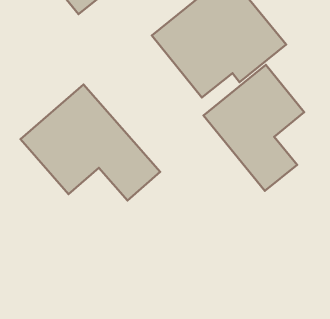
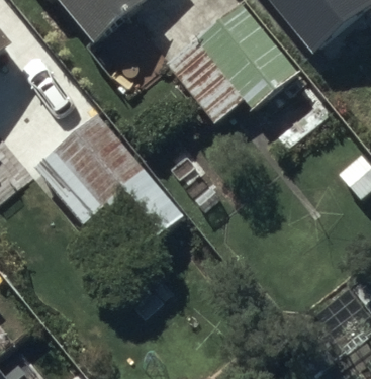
building: [204,65,304,191] -> none

